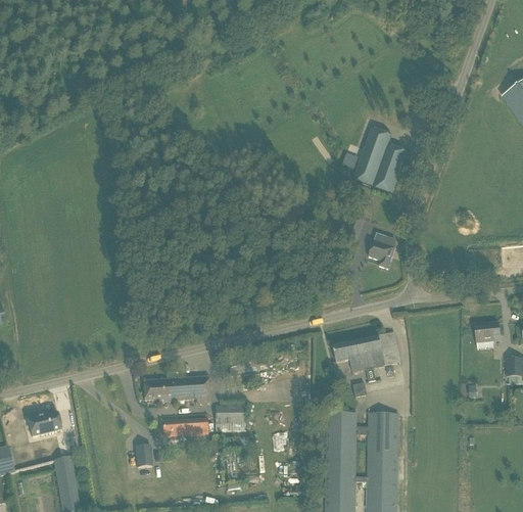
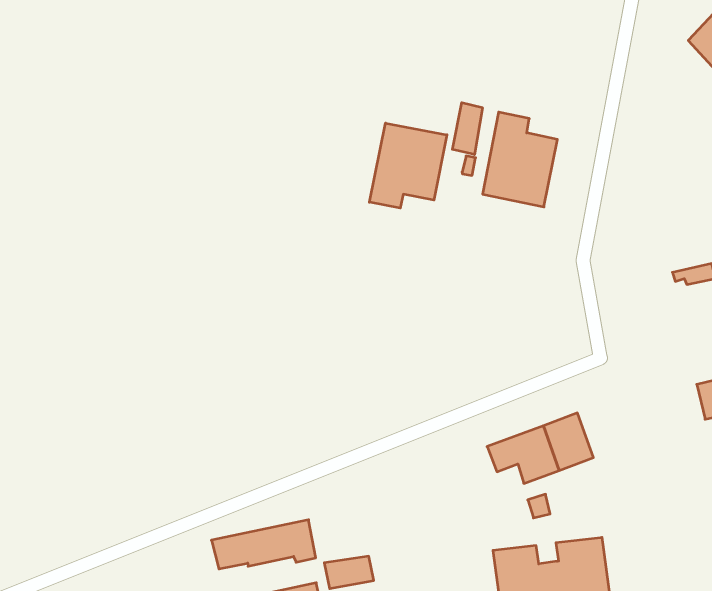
building: none -> [452,103,482,155]
building: none -> [369,123,447,208]
building: [369,232,395,268] -> none

